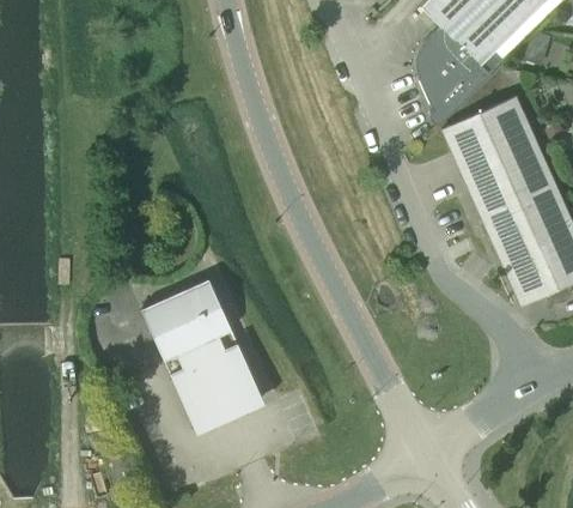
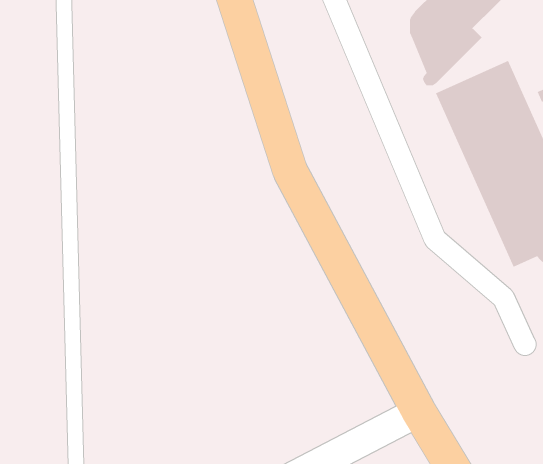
building: [141,279,263,429] -> none

